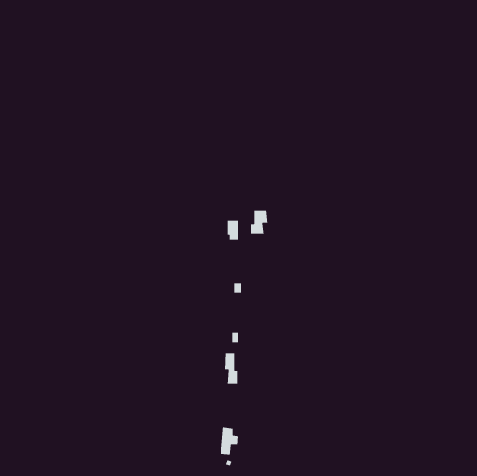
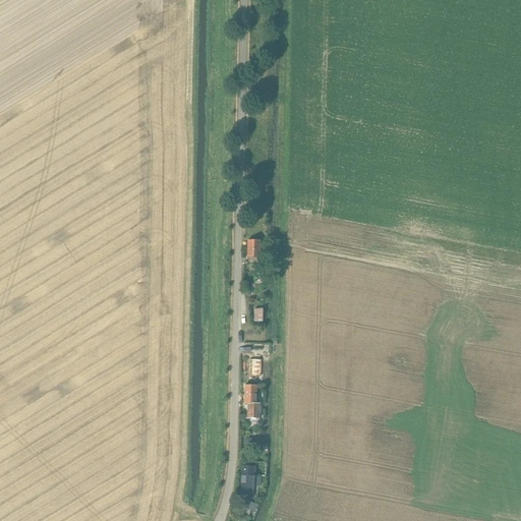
building: [250,210,268,234] -> none

